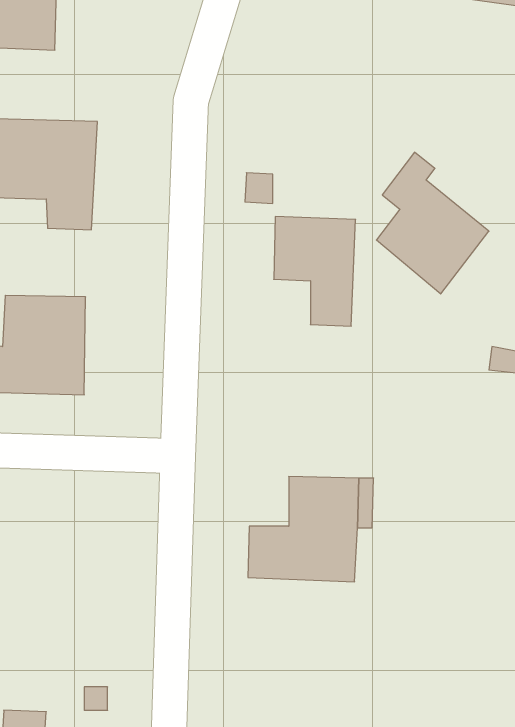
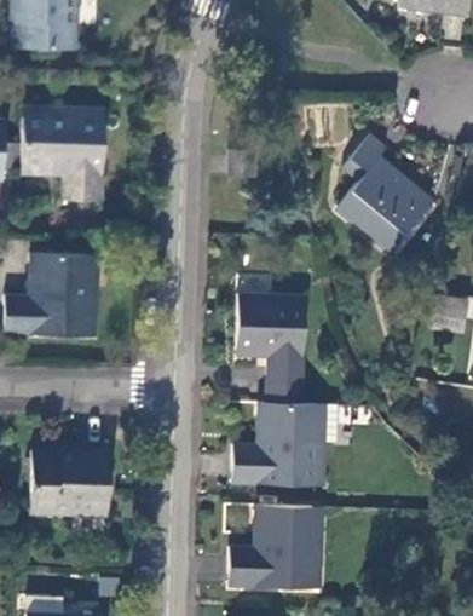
building: [274,217,356,326] -> [237,295,305,386]
building: none -> [33,450,111,517]
building: none -> [229,505,322,589]

